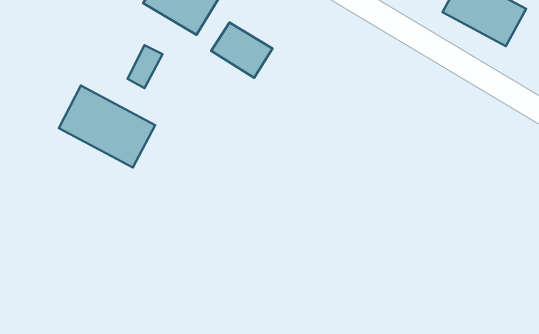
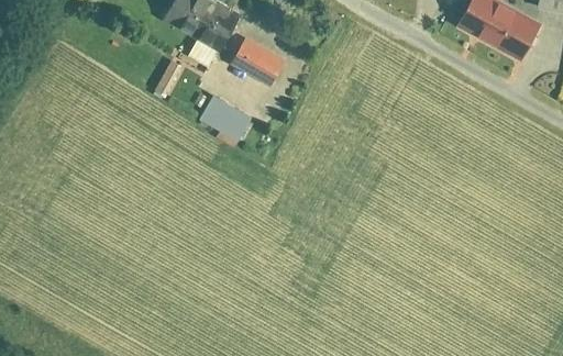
building: none -> [200,93,249,137]
building: [59,86,155,168] -> none

